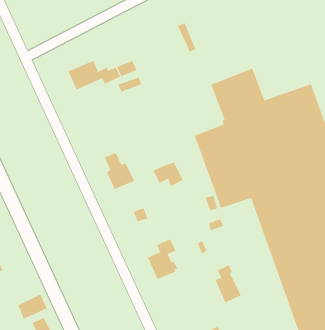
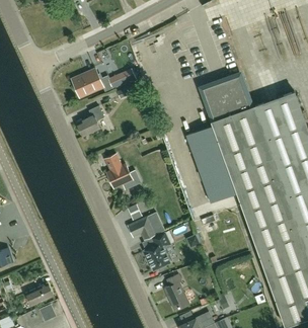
building: none -> [76,105,103,137]
building: [152,161,183,187] -> [127,217,155,240]
building: [215,264,242,303] -> [164,273,188,309]

